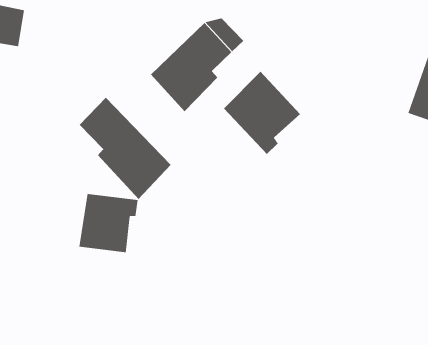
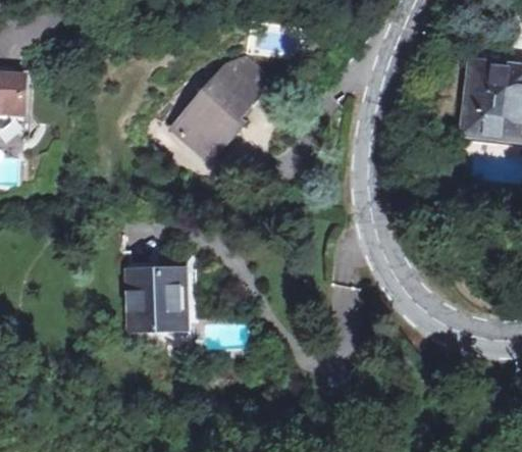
building: [223,71,301,155] -> none
building: [79,97,172,200] -> none

